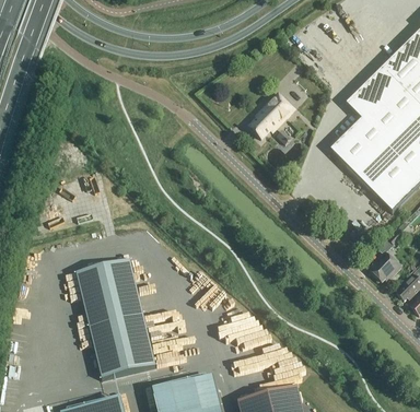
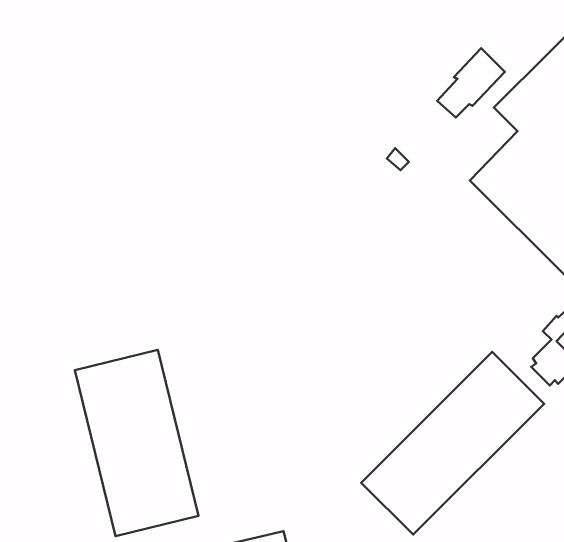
building: [249,93,293,138] -> [437,48,505,118]
building: none -> [361,352,544,535]

